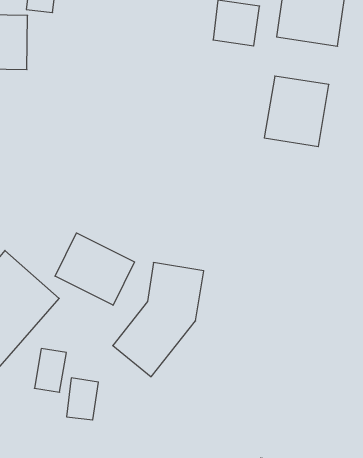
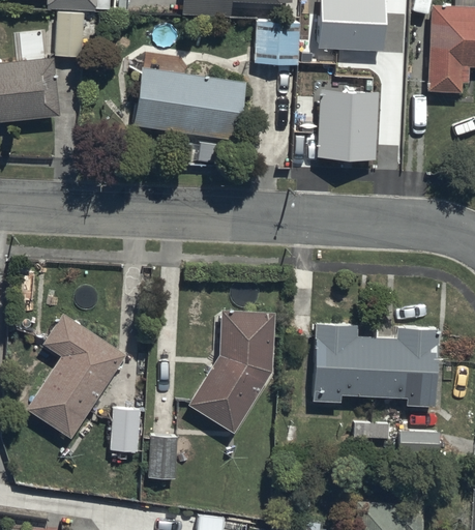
building: none -> [133,72,243,145]
building: [55,233,134,305] -> none
building: none -> [310,321,437,407]

